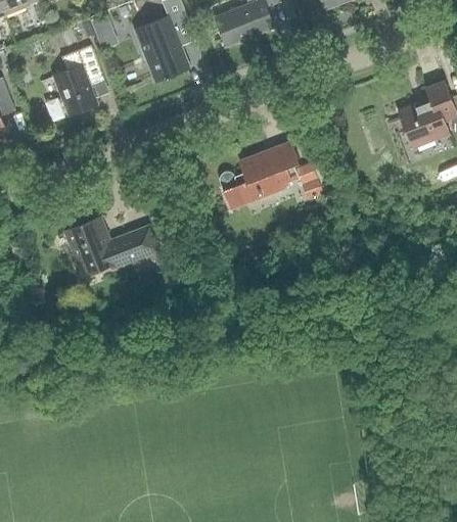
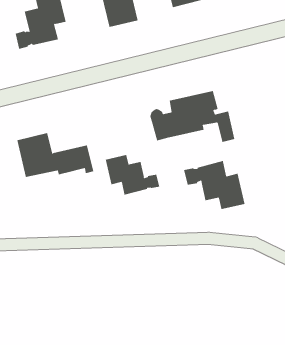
building: none -> [184,160,245,210]
building: none -> [105,154,160,195]

